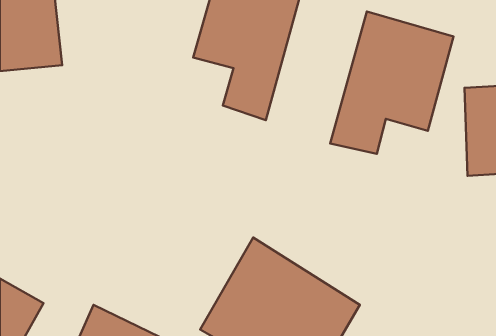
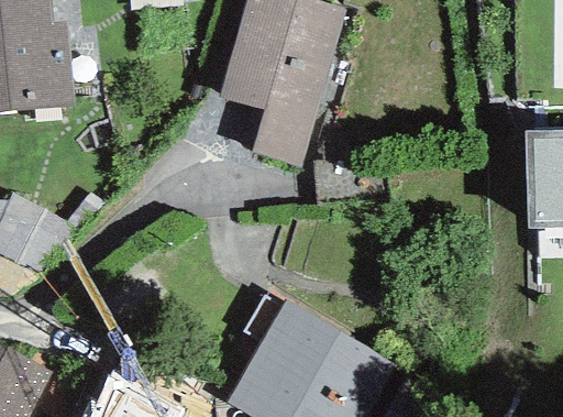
building: [330,11,453,154] -> none

